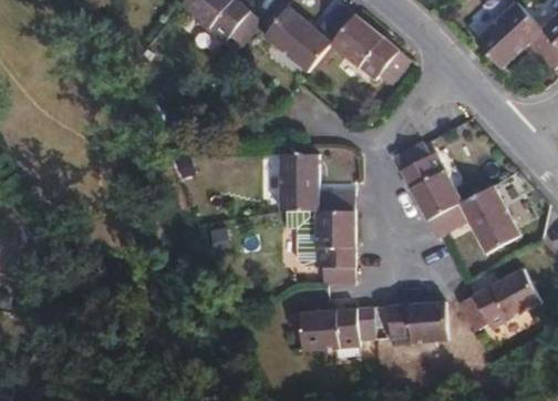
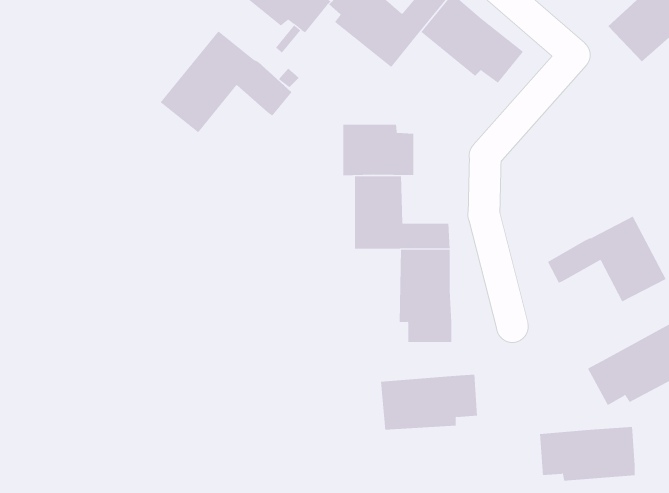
building: none -> [160,31,292,133]
building: none -> [343,124,414,176]
building: [392,143,462,220] -> none
building: [372,301,446,343] -> [539,427,636,481]

